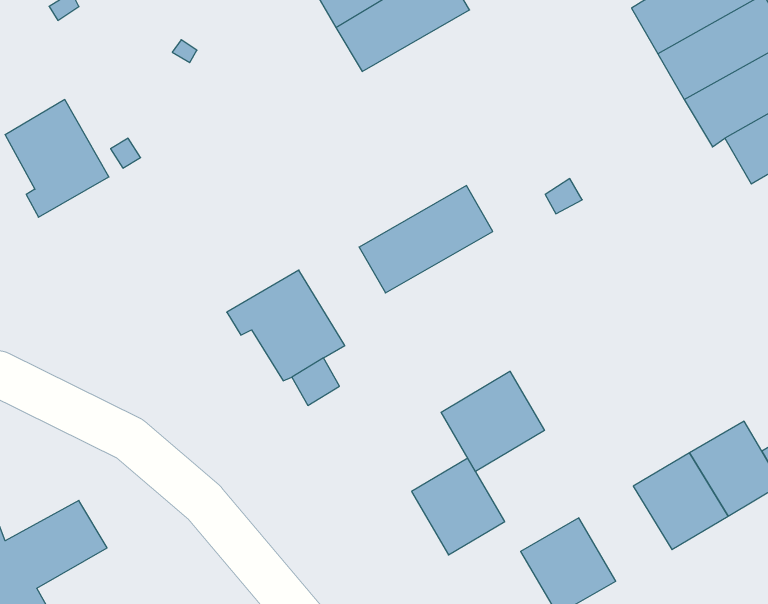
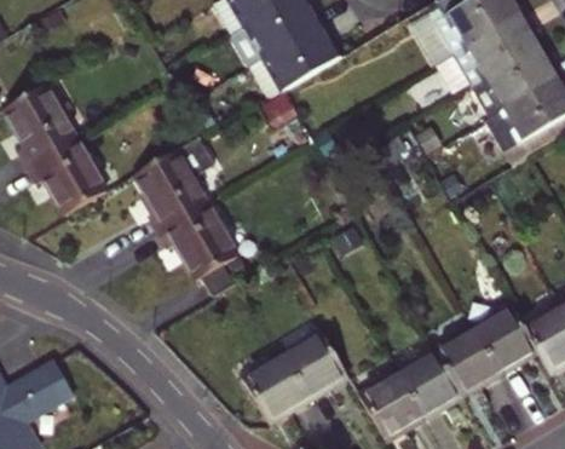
building: none -> [27,137,106,214]
building: [359,186,493,293] -> [249,22,341,96]
building: none -> [133,149,206,230]
building: [441,371,544,471] -> none
building: none -> [398,350,462,415]
building: none -> [242,353,309,420]

